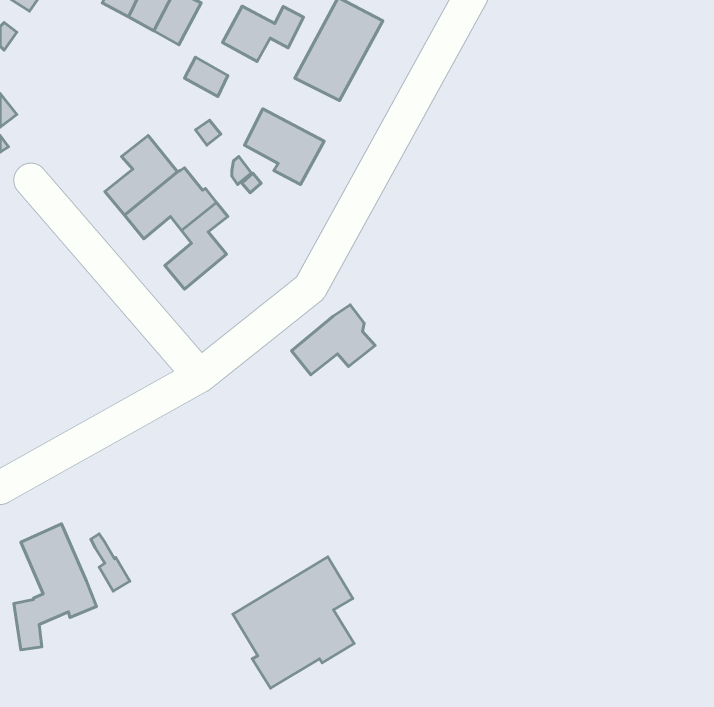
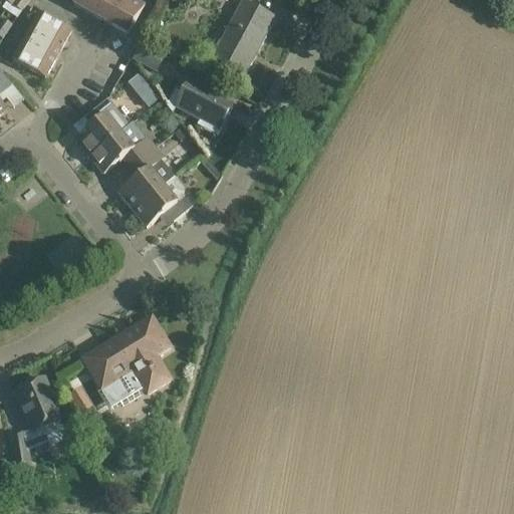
building: [222,6,303,61] -> none
building: none -> [13,10,71,75]
building: [291,305,375,375] -> [133,175,193,225]
building: [233,557,354,688] -> [83,315,171,410]

